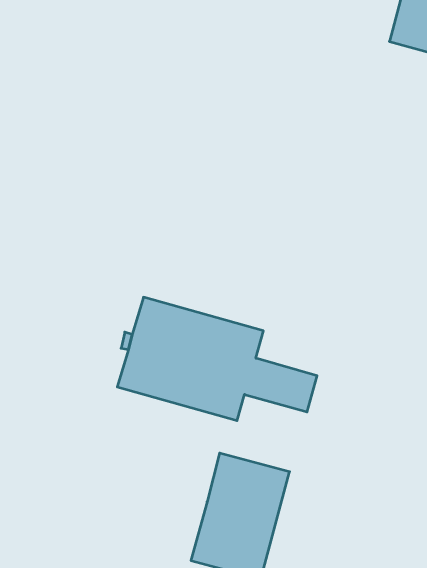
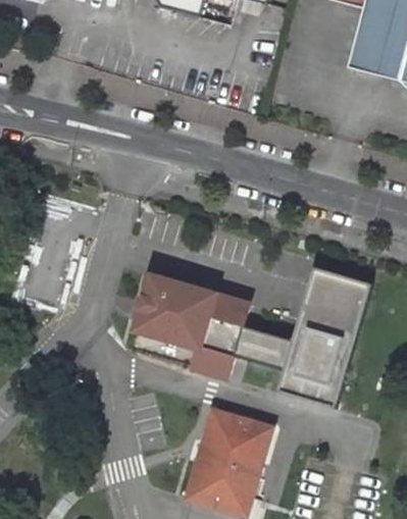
building: none -> [278,265,370,404]

